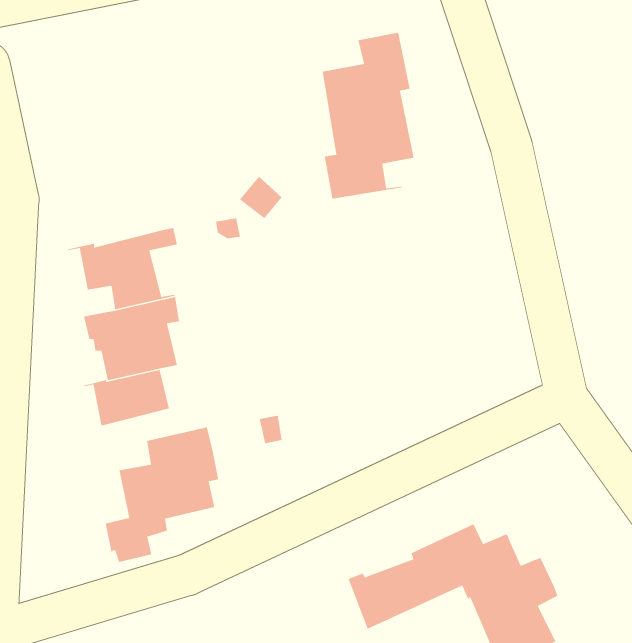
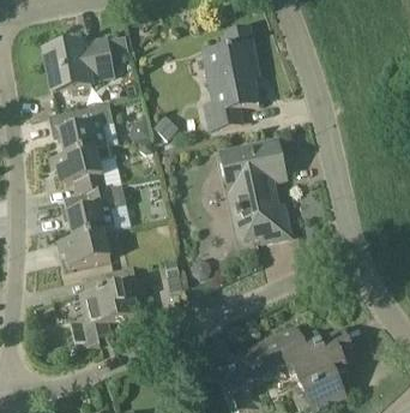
building: none -> [44,40,113,90]
building: none -> [49,102,114,156]
building: none -> [221,139,290,240]

